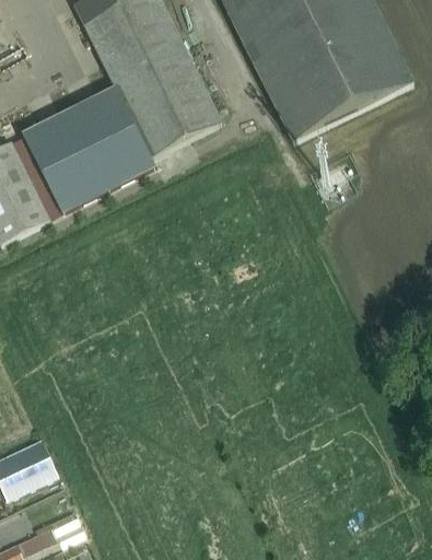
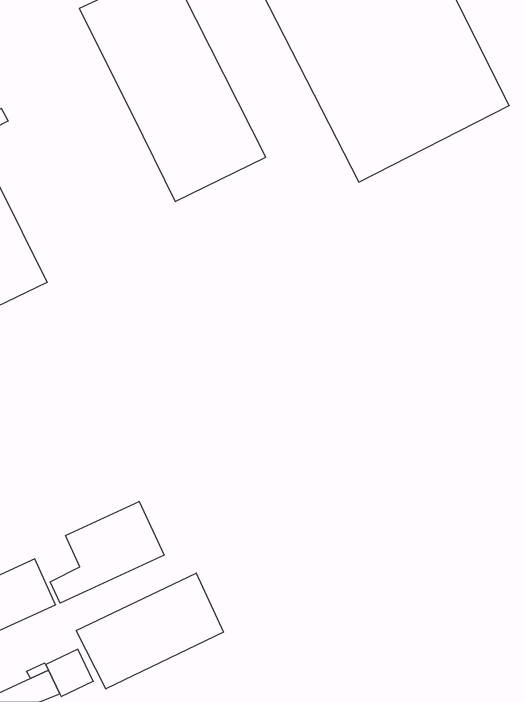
building: [22,88,153,213] -> none
building: none -> [50,501,164,603]
building: none -> [76,573,224,689]

